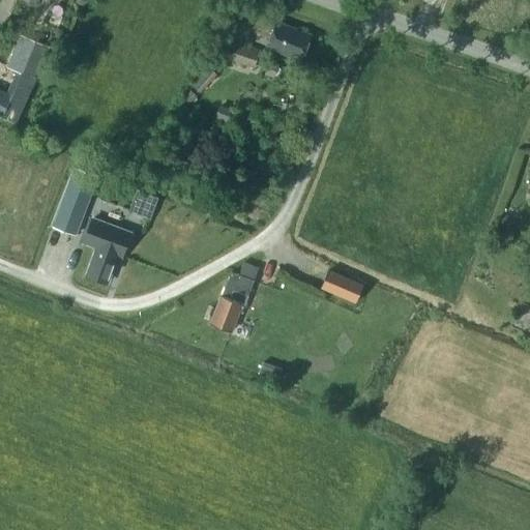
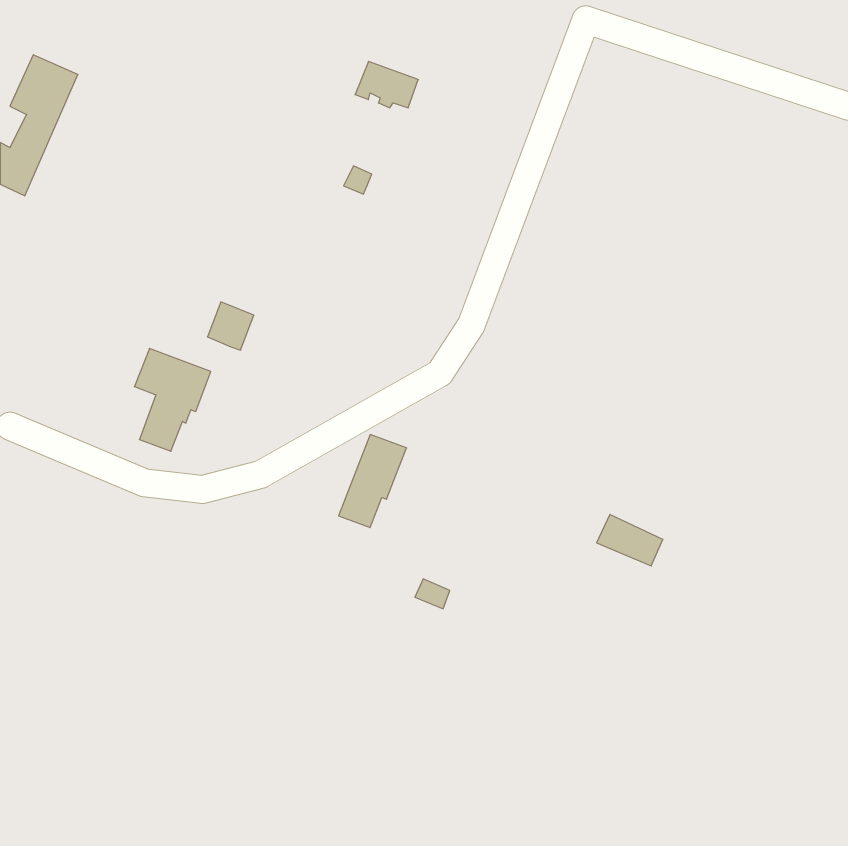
building: [252,16,311,60] -> none
building: [53,166,99,235] -> none
building: [321,270,362,302] -> [597,514,663,566]

